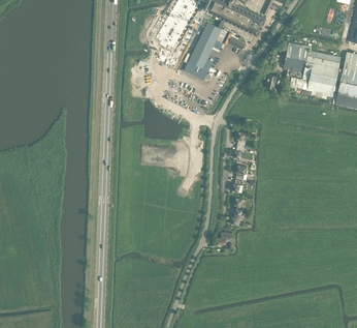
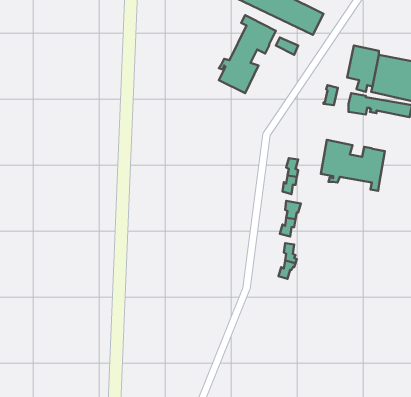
building: none -> [321,140,385,191]

